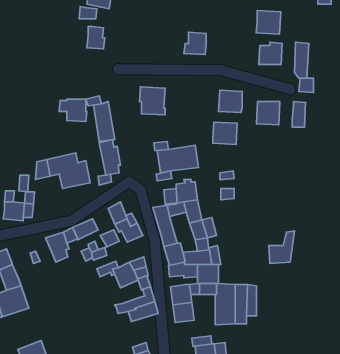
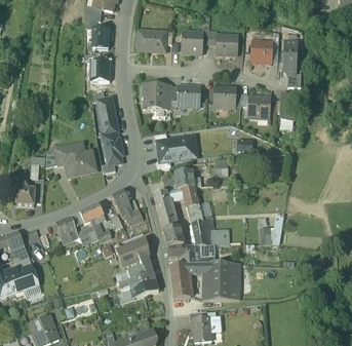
building: [256,11,281,34] -> [216,33,238,54]
building: none -> [138,30,166,51]
building: [59,99,87,122] -> [84,60,110,80]
building: [213,122,237,144] -> [178,84,200,105]

